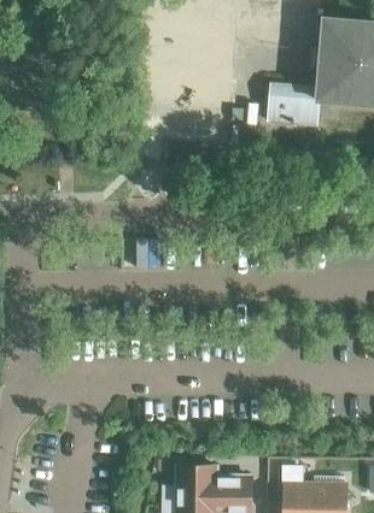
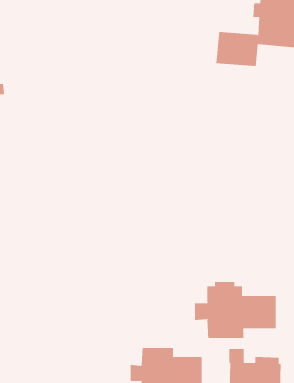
building: none -> [195,281,276,339]

